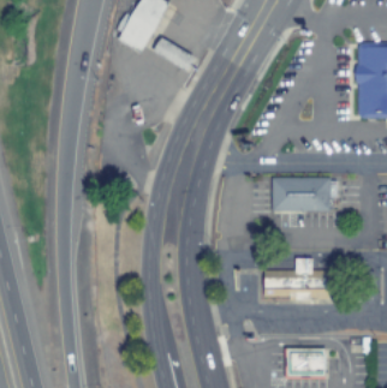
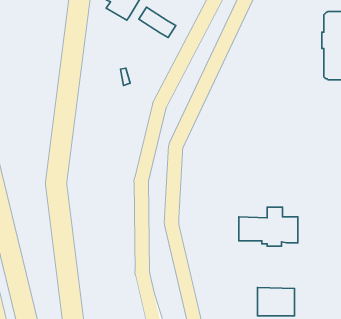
building: [273,177,339,210] -> none

